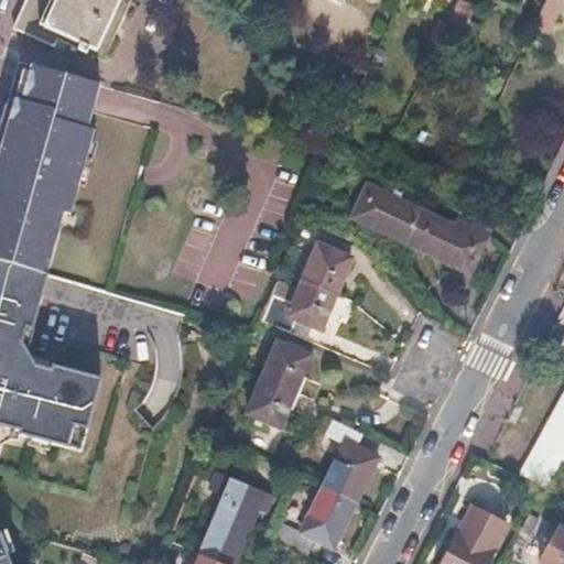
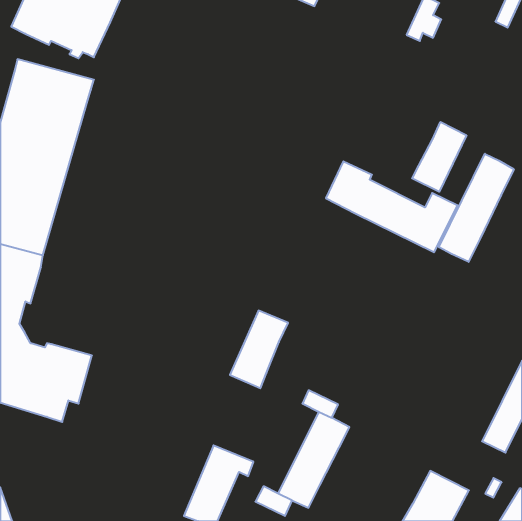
building: none -> [412,122,466,192]
building: none -> [439,154,514,262]
building: [288,241,349,325] -> none

